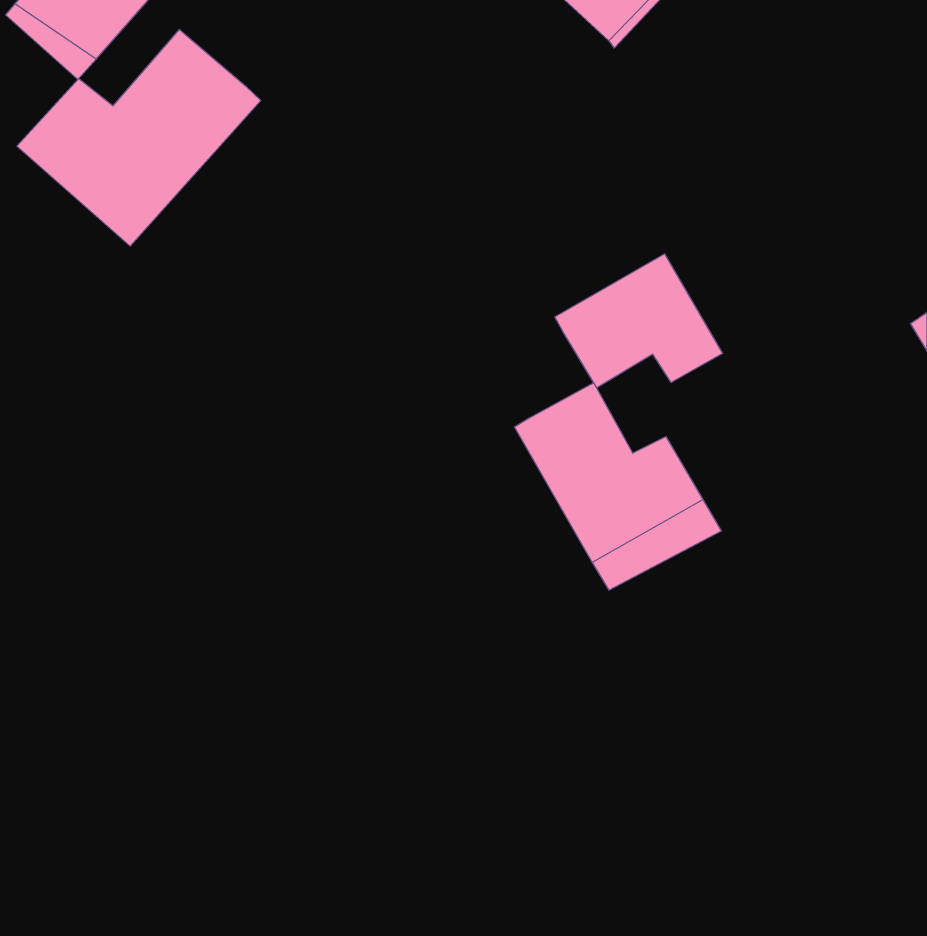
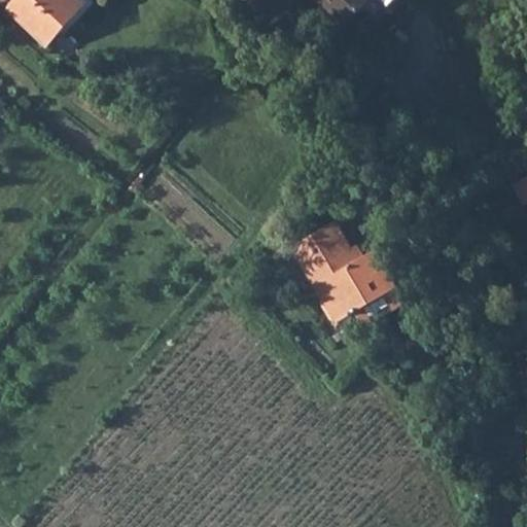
building: [17,30,261,246] -> none
building: [555,254,723,388] -> none

